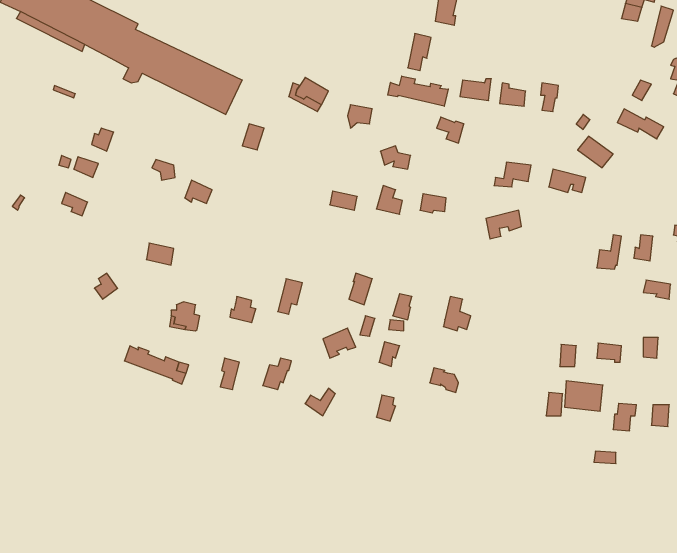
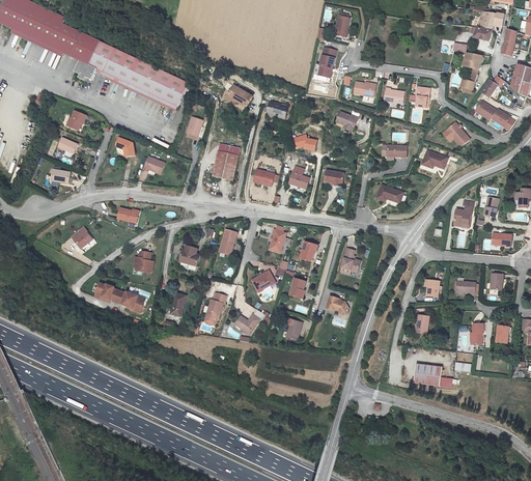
building: none -> [457,51,479,88]
building: [388,76,448,106] -> none
building: none -> [213,147,239,178]
building: [565,381,603,411] -> [415,364,444,387]

